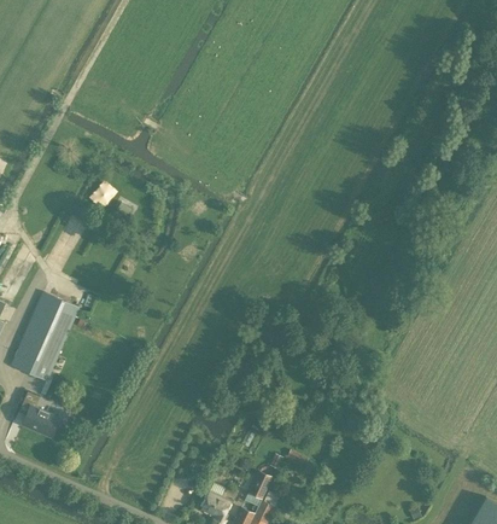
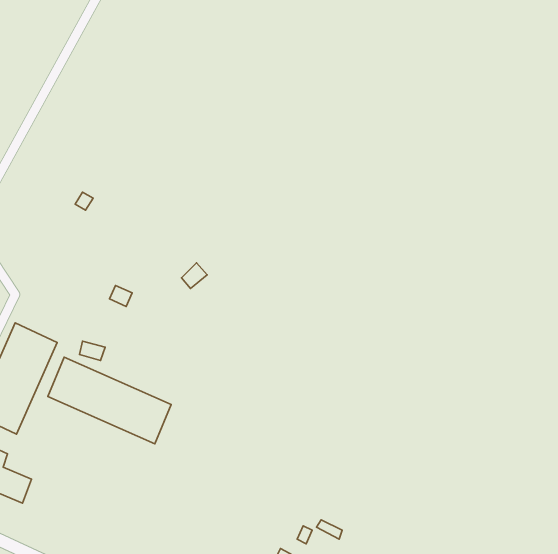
building: none -> [48,357,171,444]

